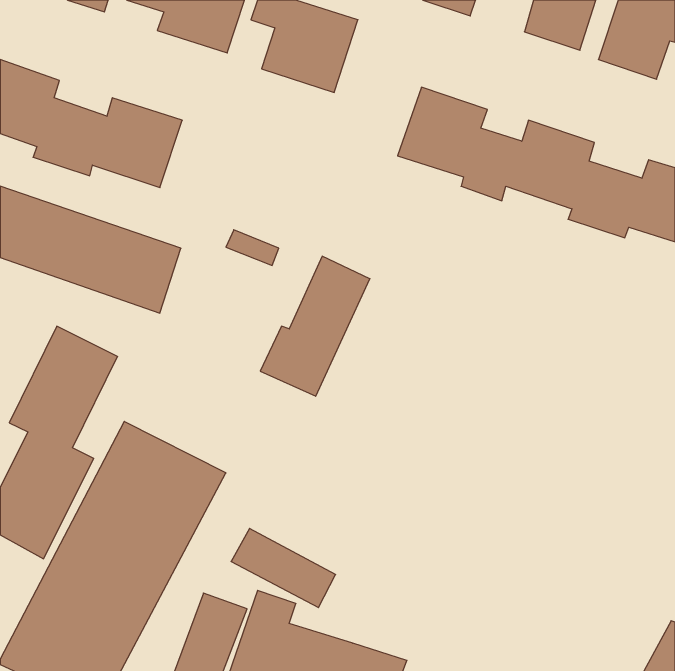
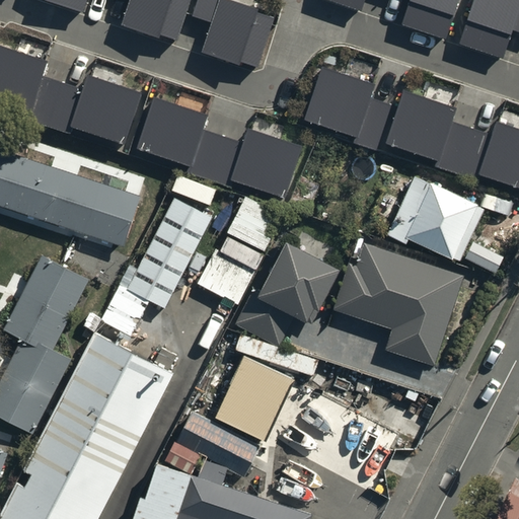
building: none -> [137,101,300,200]
building: none -> [389,173,486,262]
building: none -> [100,201,213,341]
building: none -> [236,235,339,341]
building: none -> [332,241,464,364]
building: none -> [215,352,294,436]

